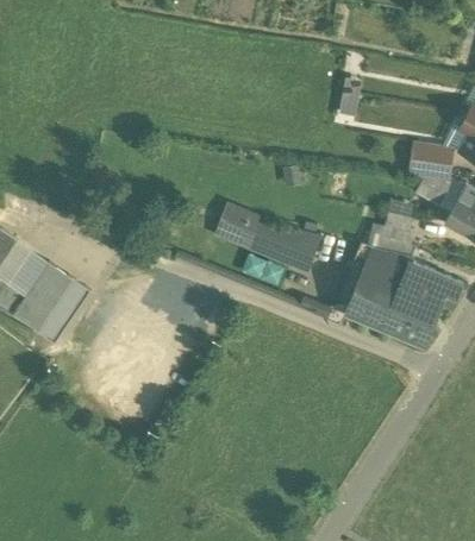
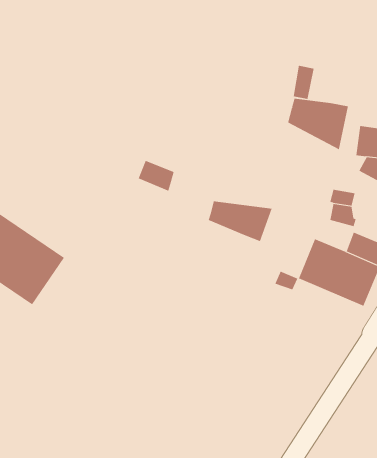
building: none -> [288,98,348,150]
building: [213,213,254,247] -> [138,160,174,191]
building: [365,246,412,282] -> none

